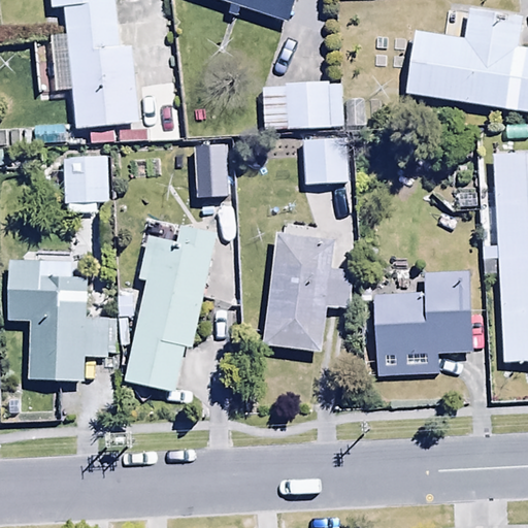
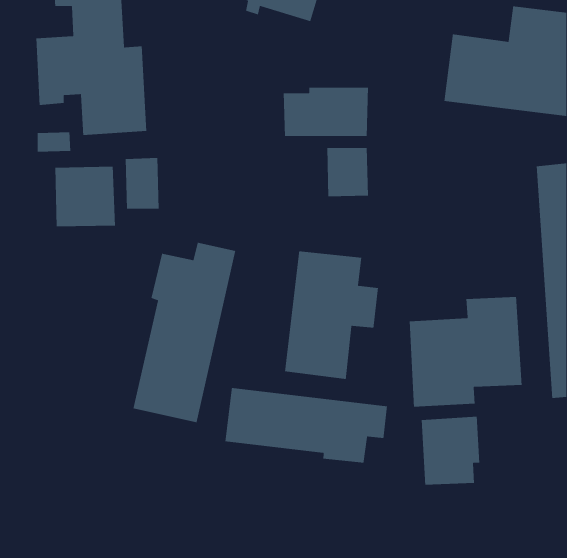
building: [195,138,227,187] -> [125,157,159,210]
building: [8,259,106,378] -> none
building: none -> [225,387,388,464]
building: none -> [421,416,480,485]

